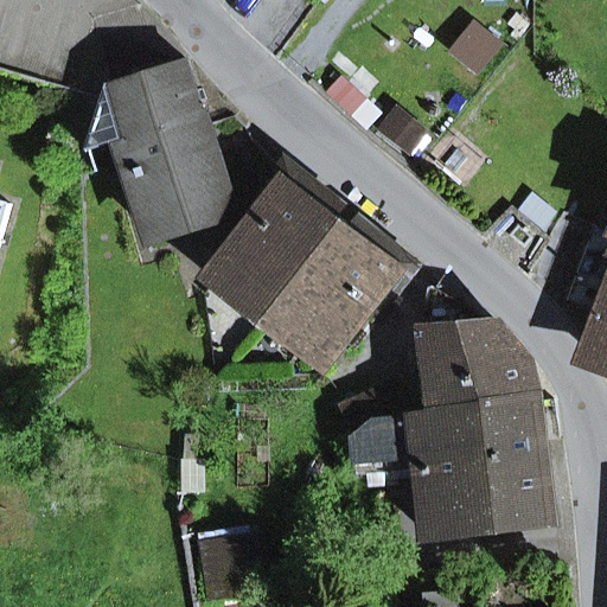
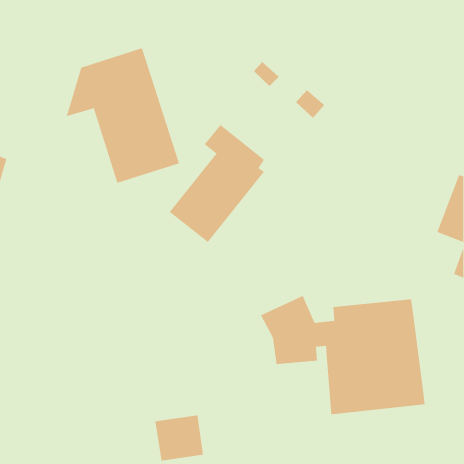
building: [270,223,416,359] -> none
building: [424,293,535,402] -> none

